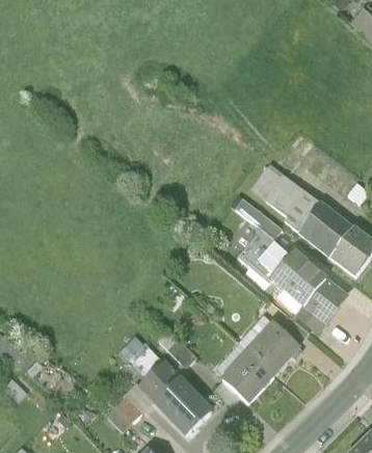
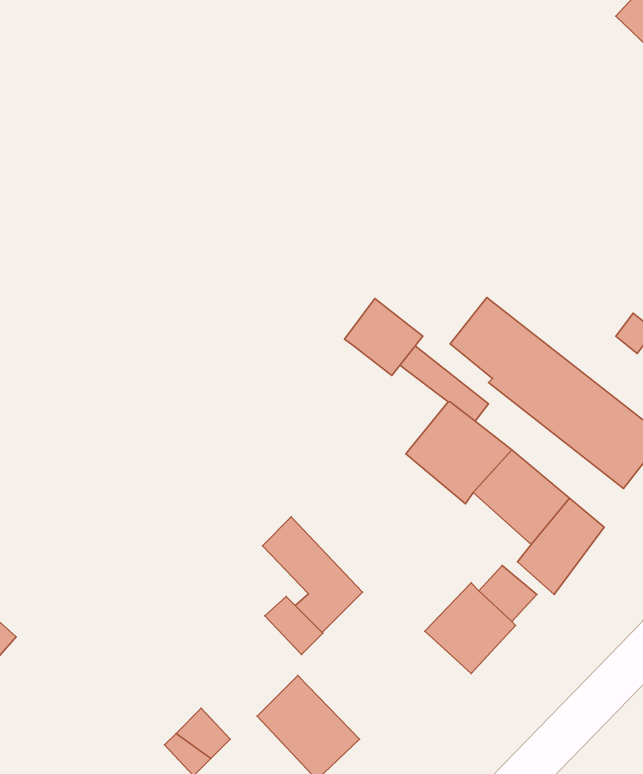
building: none -> [345,298,423,375]
building: [125,335,179,397] -> [262,517,363,633]
building: [223,351,272,400] -> none

